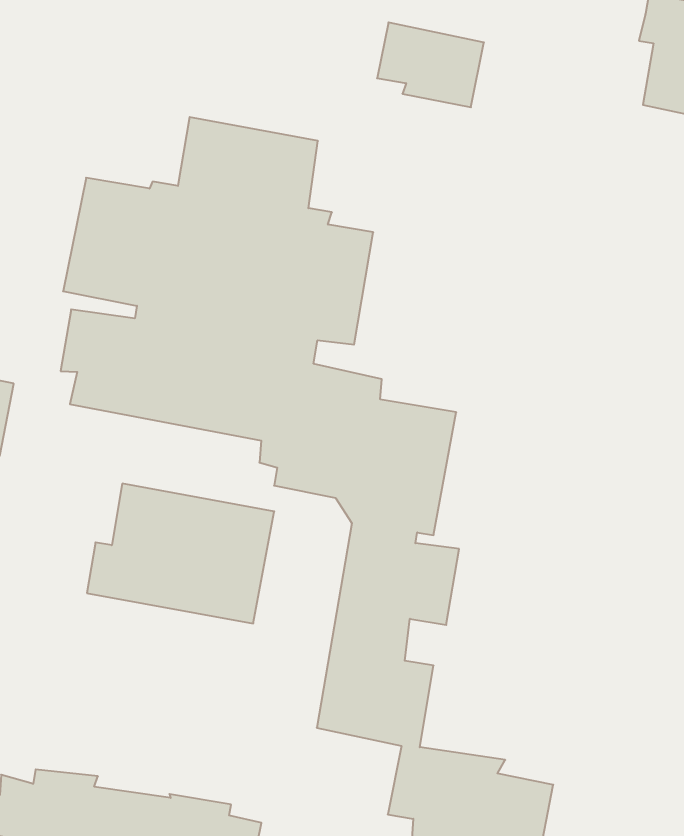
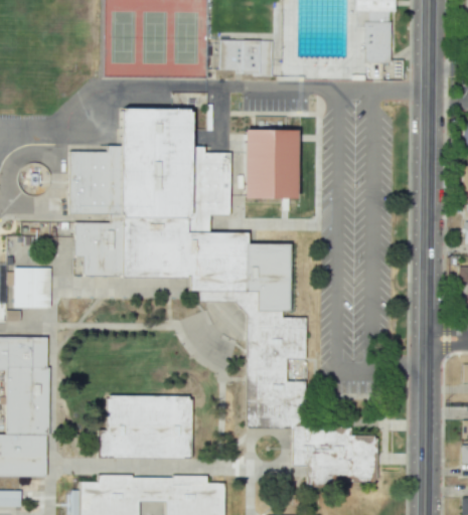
building: none -> [246,130,300,199]
building: [87,484,274,623] -> [99,396,192,460]

